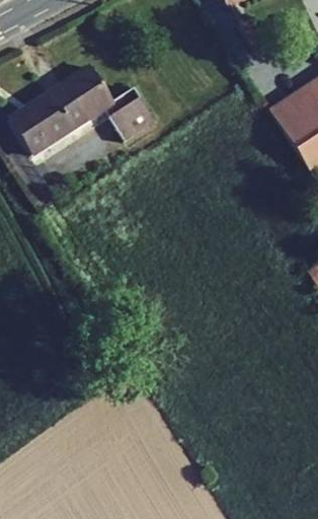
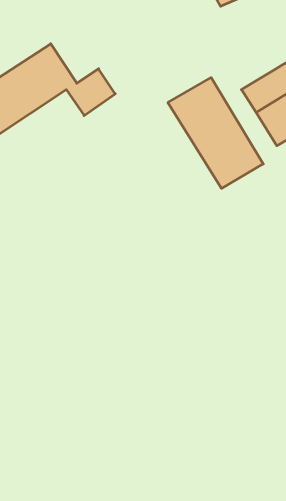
building: none -> [168,78,263,188]

